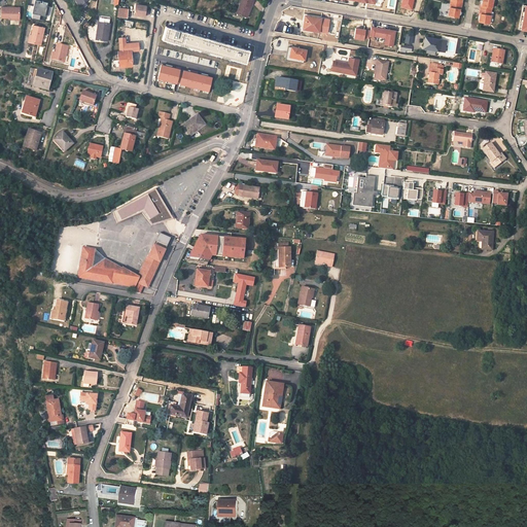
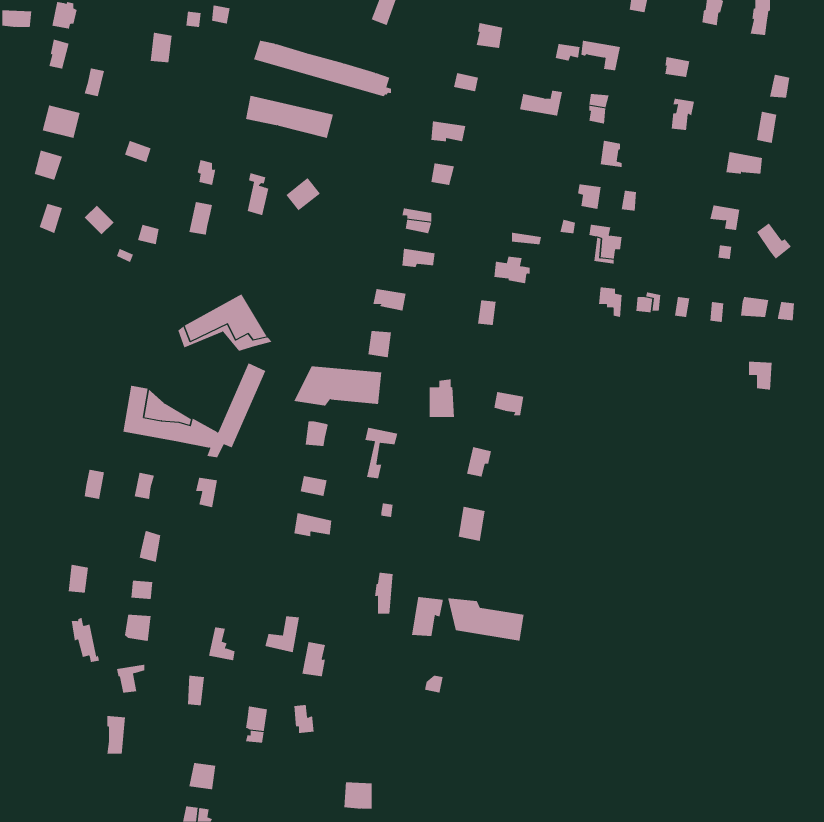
building: [113,36,139,66] -> none
building: [353,175,378,206] -> none
building: none -> [448,597,524,641]

